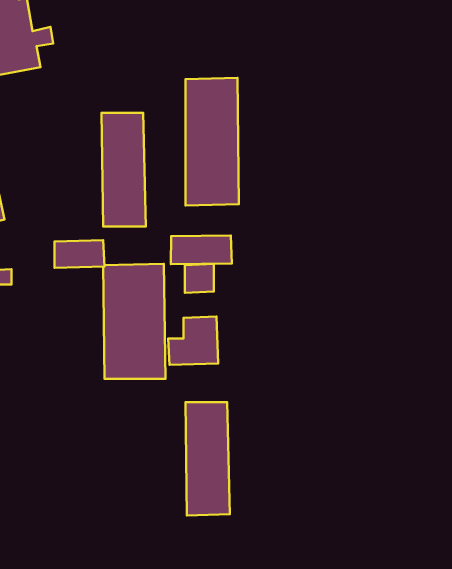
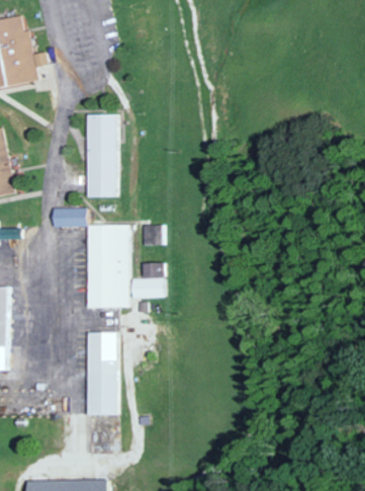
building: [185,78,239,205] -> none
building: [171,236,232,264] -> none
building: [185,402,230,516] -> [87,332,119,415]

